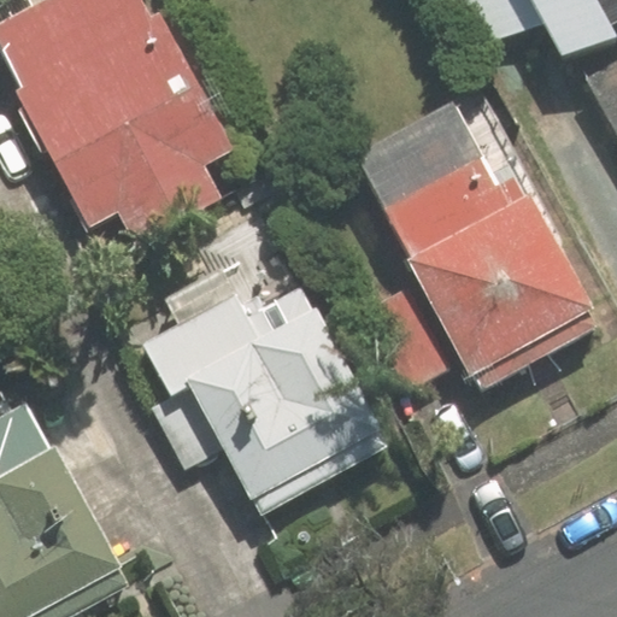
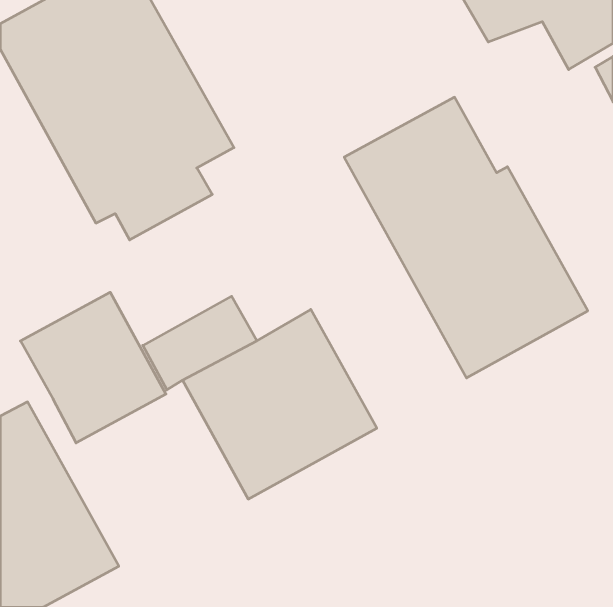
building: none -> [20,292,166,443]

